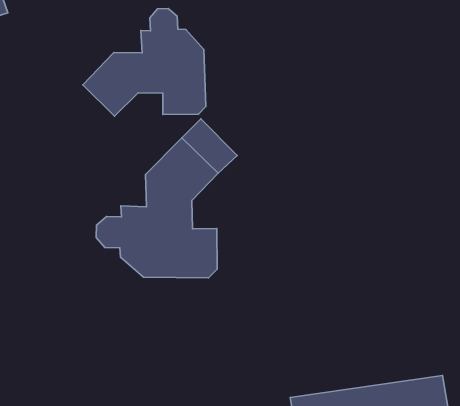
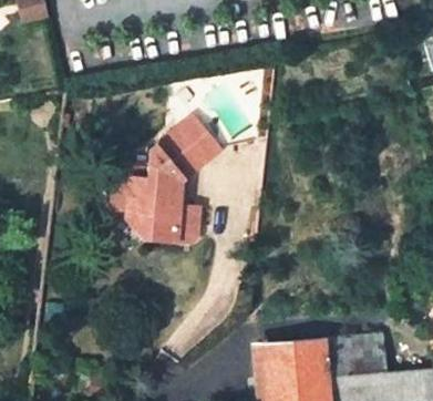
building: [83,8,206,116] -> none

